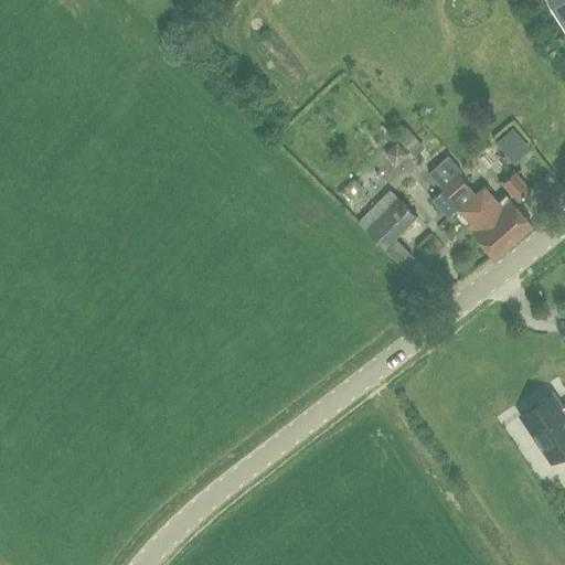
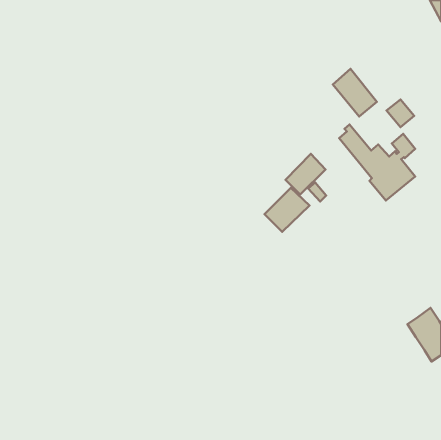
building: none -> [333,69,377,116]
building: none -> [265,188,309,232]

